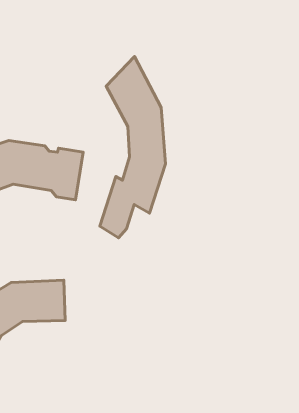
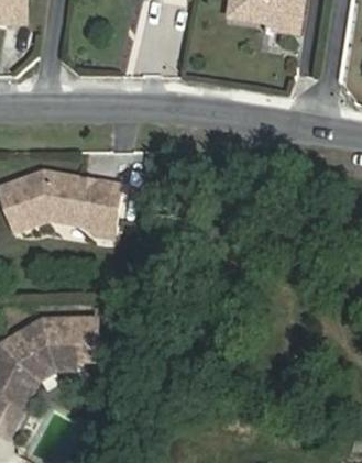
building: [100,57,166,238] -> none

